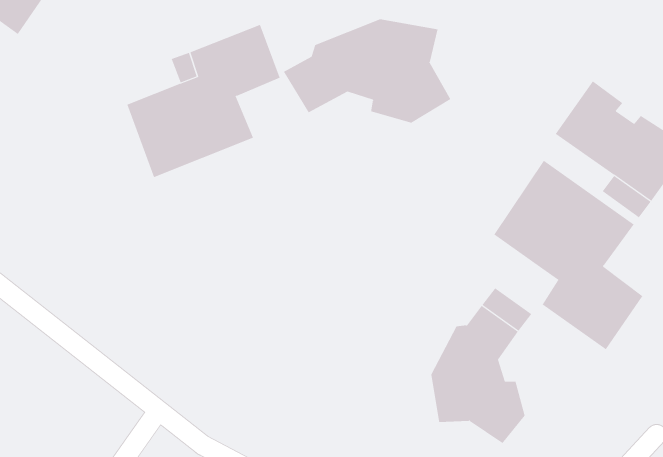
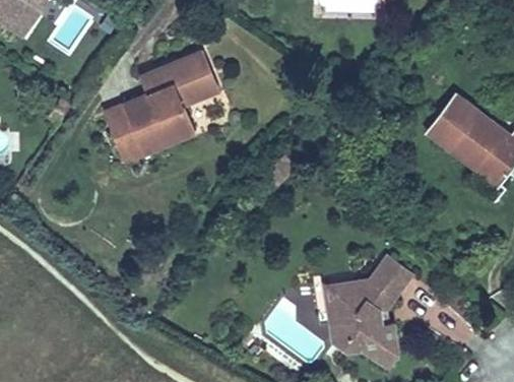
building: [283,18,451,123] -> none
building: [493,160,643,350] -> none
building: none -> [318,278,352,352]

